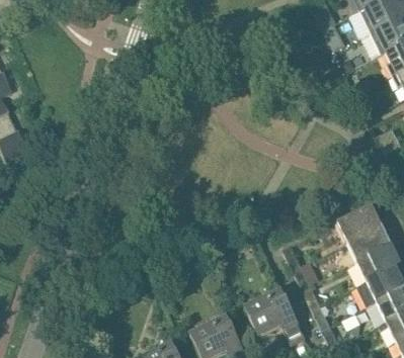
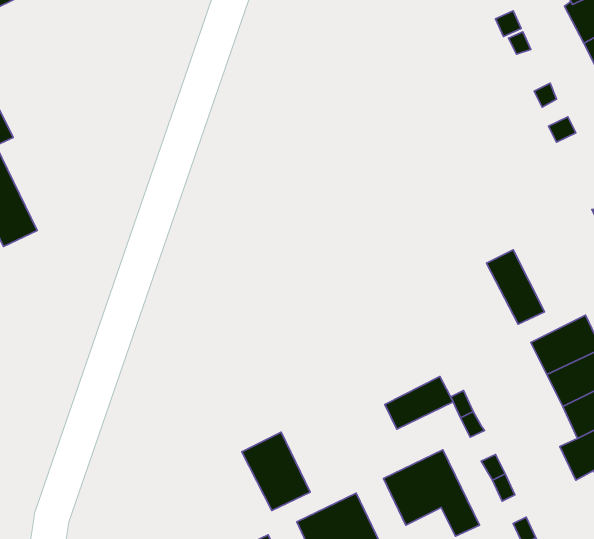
building: none -> [486,250,544,324]
building: none -> [385,376,453,429]
building: none -> [242,432,310,511]

